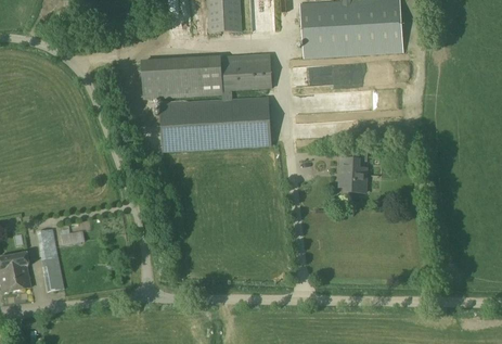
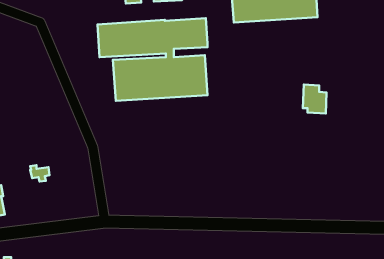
building: [339,158,368,193] -> [303,84,327,114]
building: [36,228,65,292] -> none

